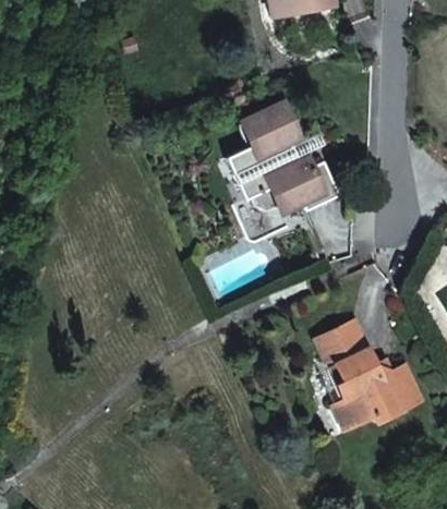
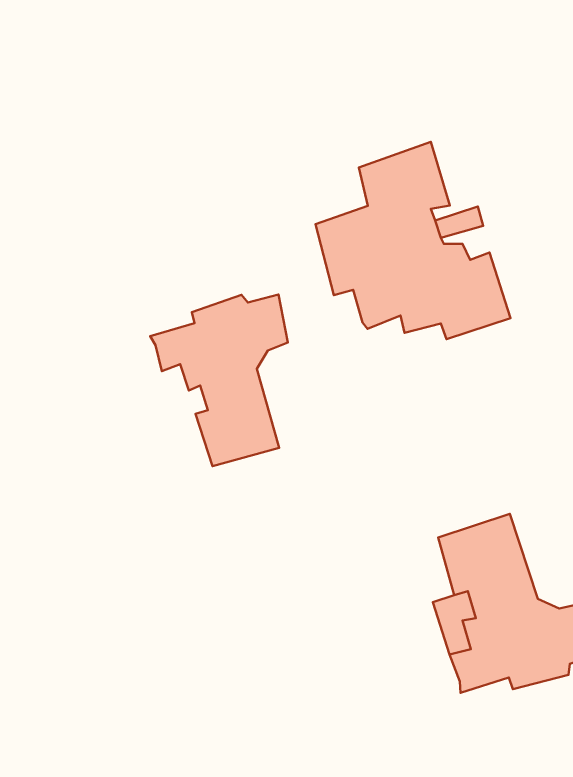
building: none -> [150,295,288,466]

